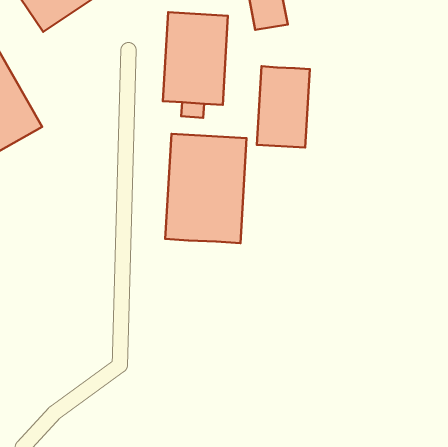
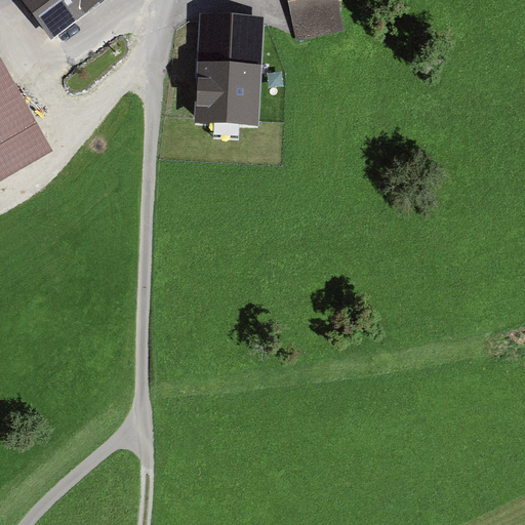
building: [257,66,310,148] -> none
building: [165,134,247,243] -> none

